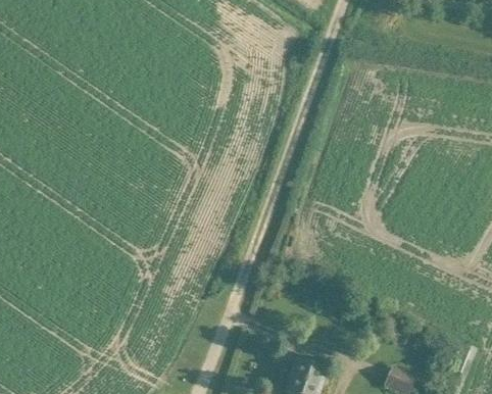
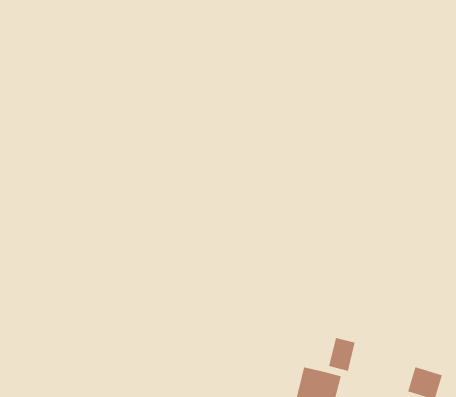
building: none -> [328,337,356,372]

